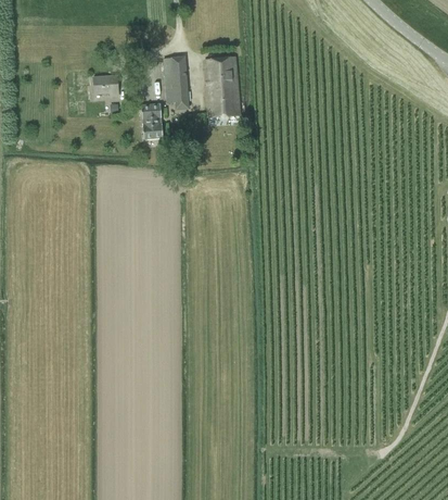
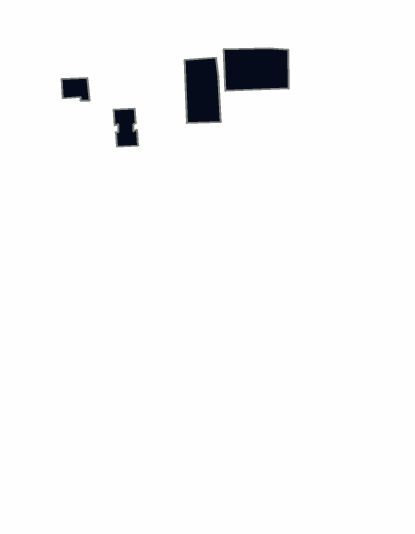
building: none -> [224,48,289,91]
building: [165,57,188,103] -> none

